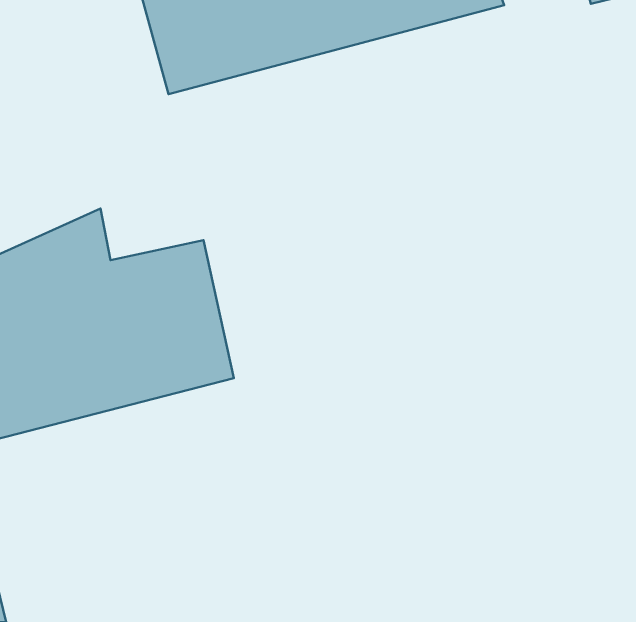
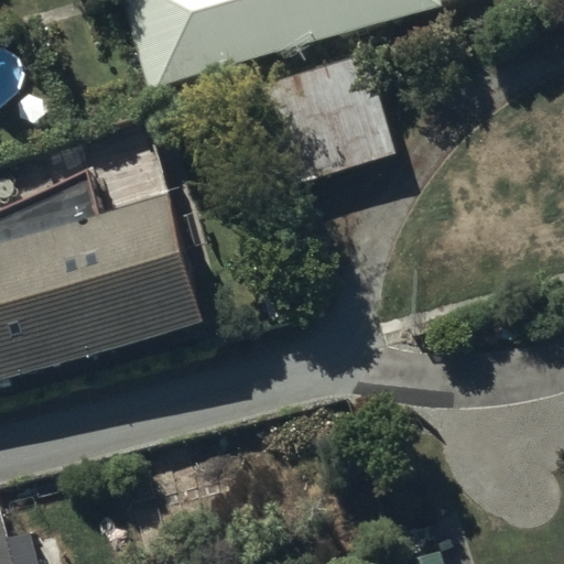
building: none -> [251,52,394,184]

